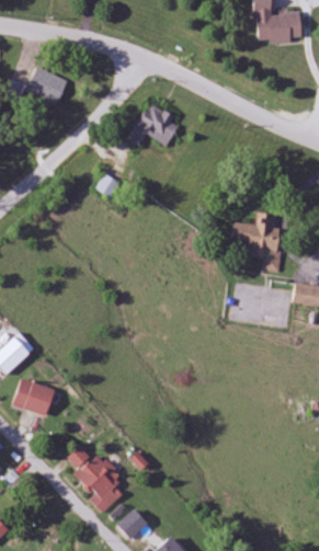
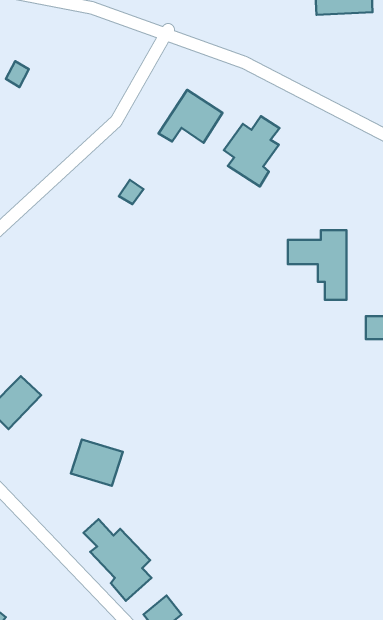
building: [25,66,68,105] -> none
building: none -> [224,116,280,187]
building: [12,379,54,416] -> [71,439,123,486]

